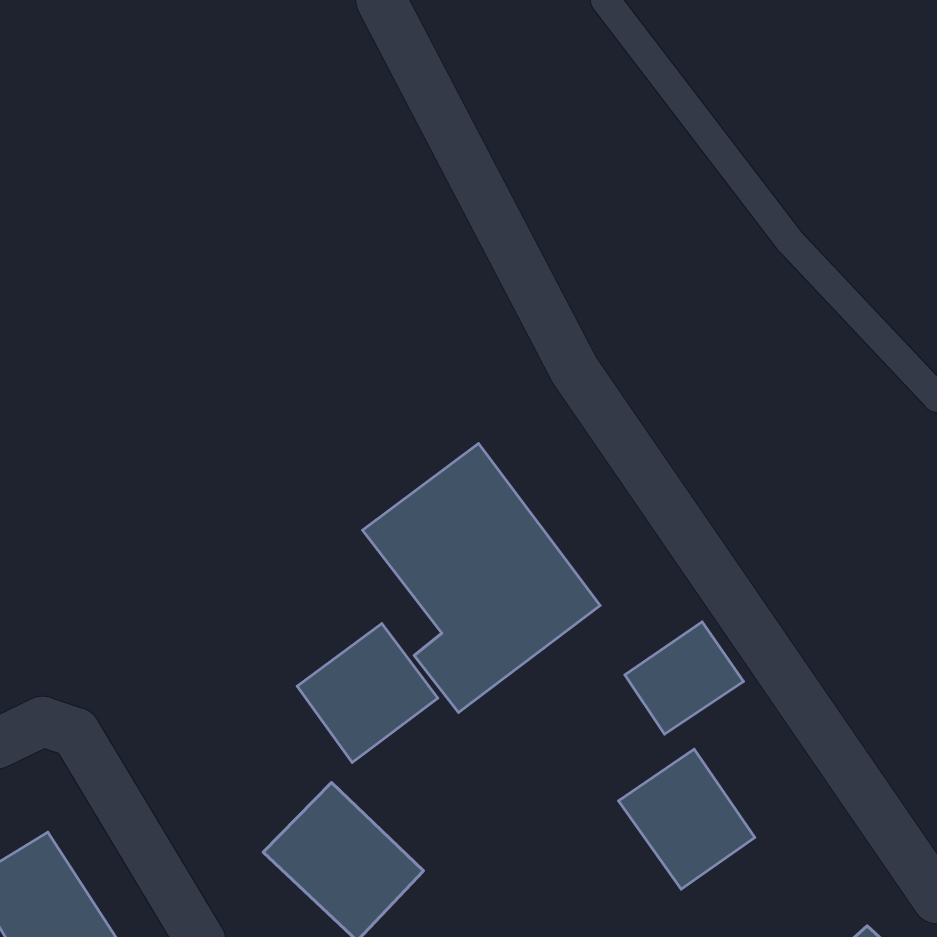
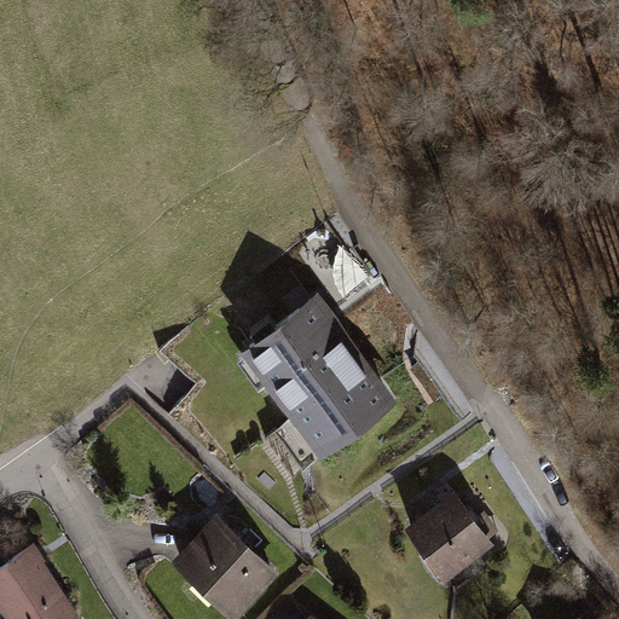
building: [625,622,743,734] -> none
building: [297,623,438,763] -> none

